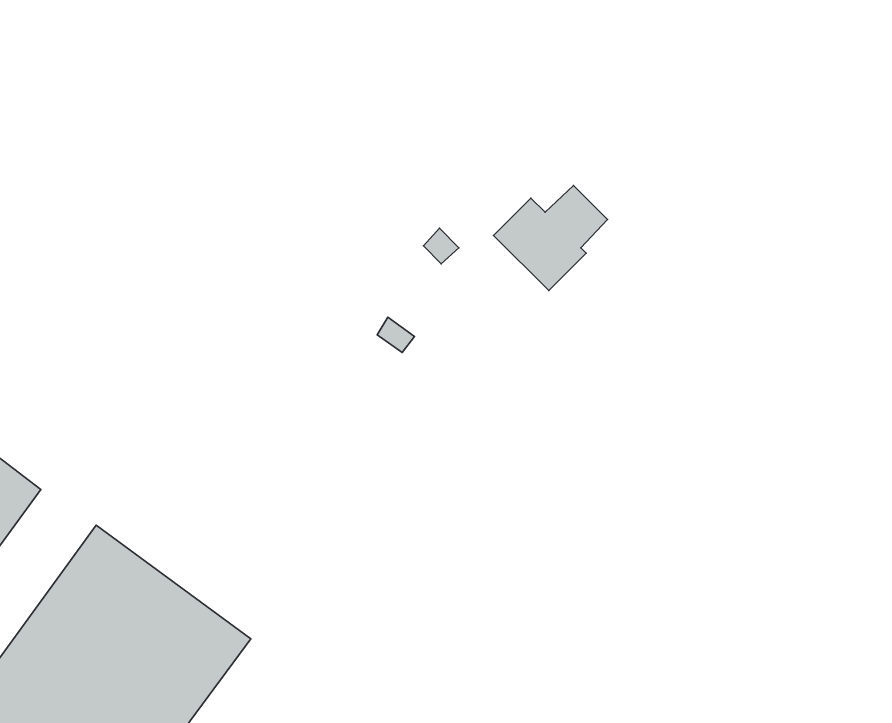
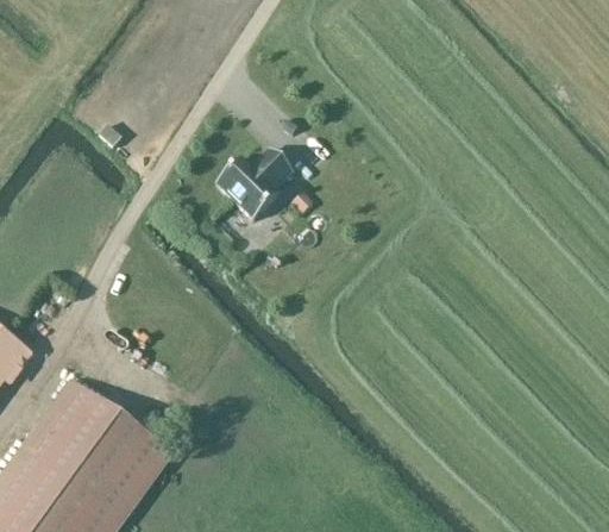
building: [494,186,607,290] -> [215,149,291,219]

